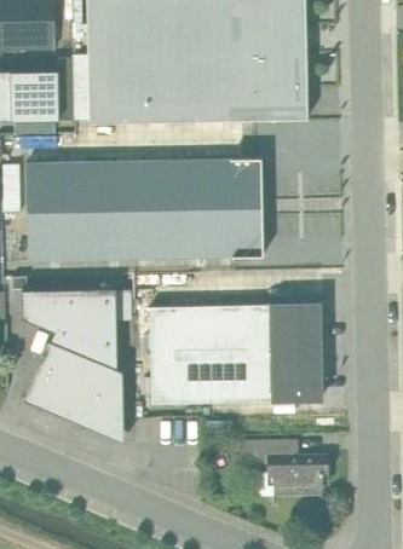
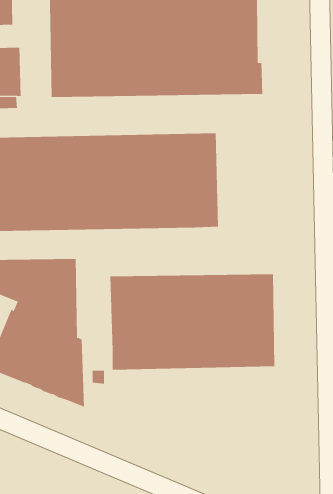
building: [242,440,323,496] -> none

